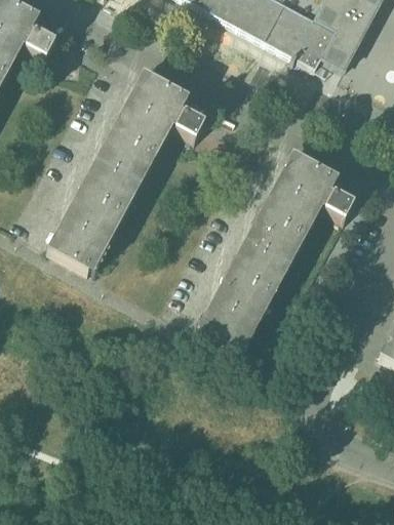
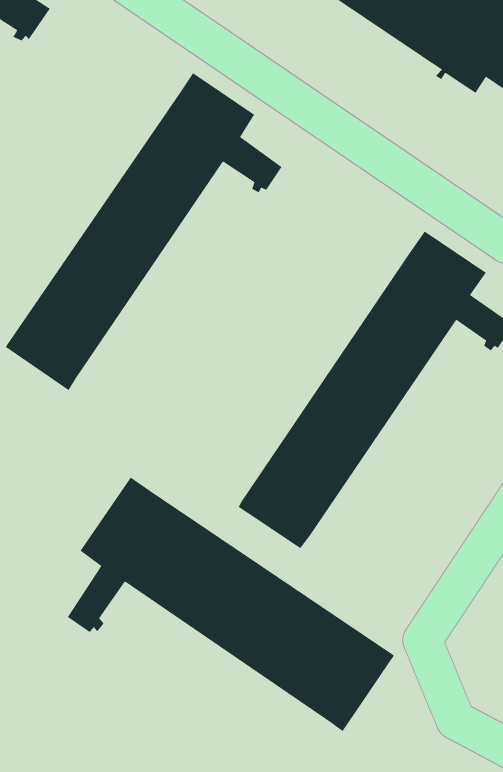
building: none -> [67,477,395,732]

